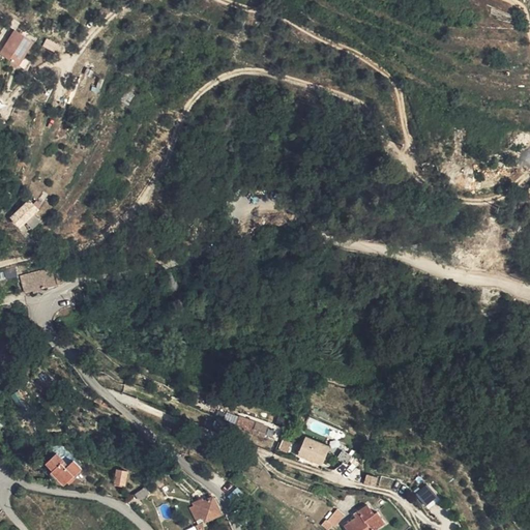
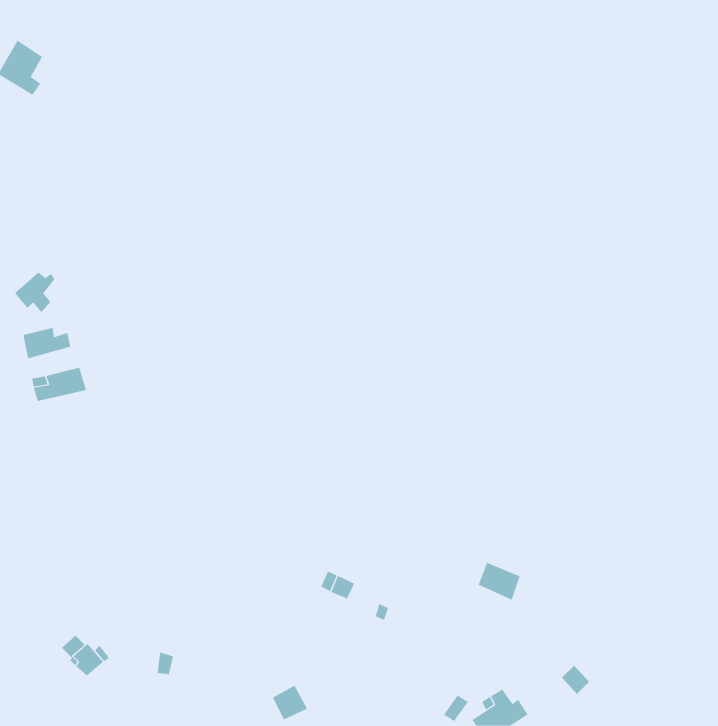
building: none -> [23,327,71,359]
building: [295,437,326,465] -> [478,562,521,601]

